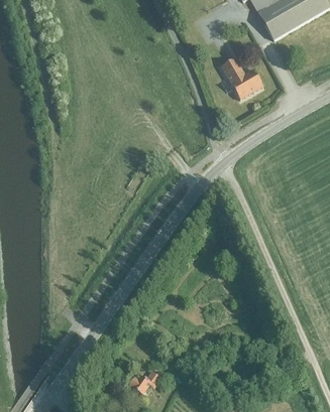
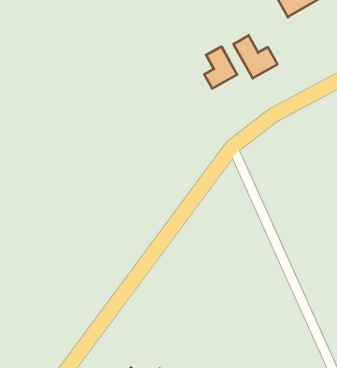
building: none -> [204,47,237,88]

